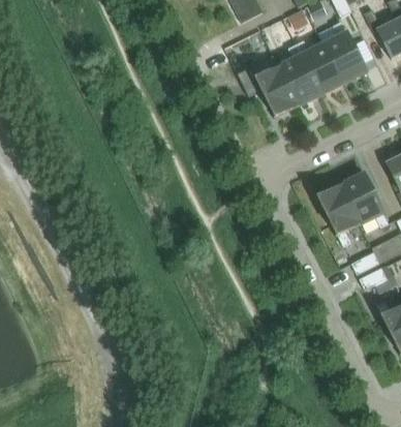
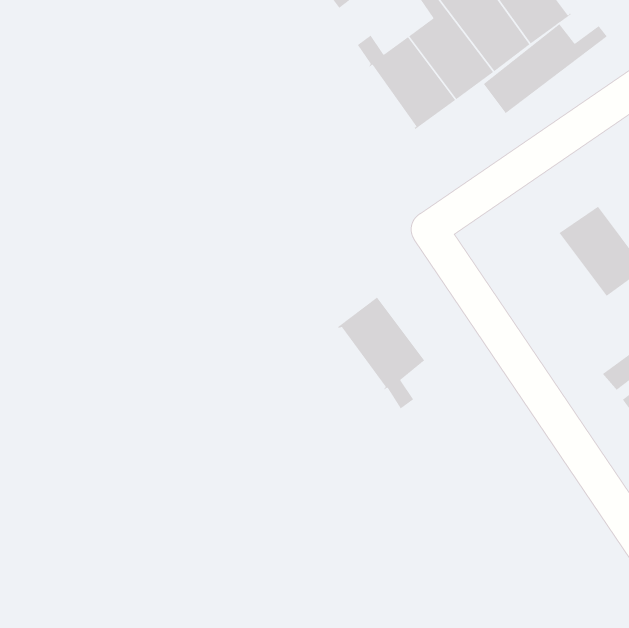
building: none -> [483,23,608,114]
building: [317,184,361,246] -> [338,296,425,410]

